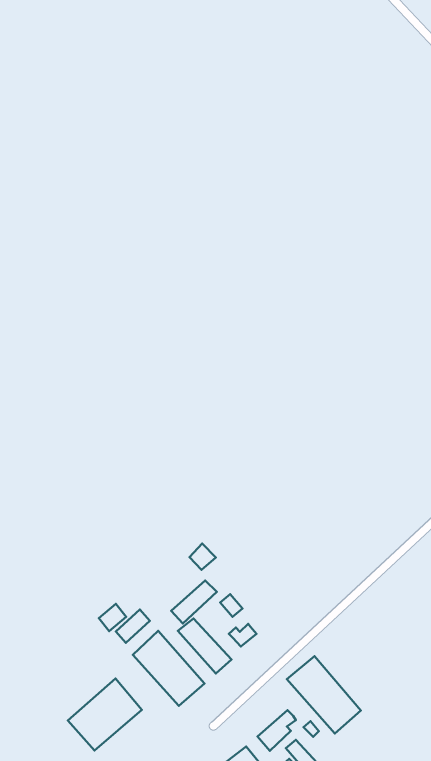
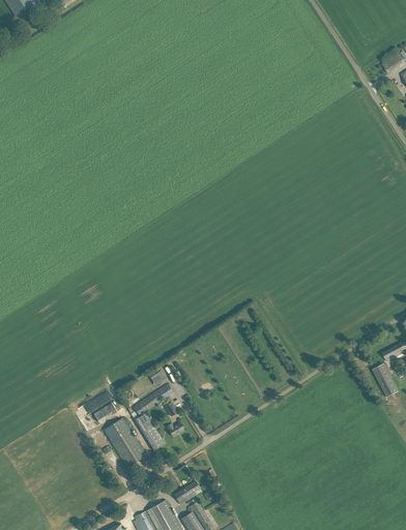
building: [287,656,361,734] -> none
building: [68,678,142,750] -> none

